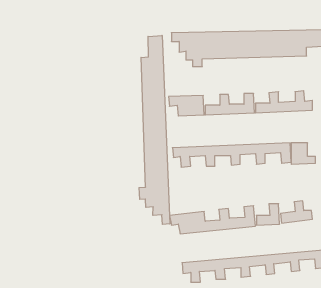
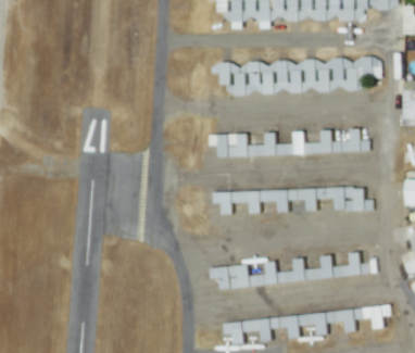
building: [139,35,170,224] -> none

